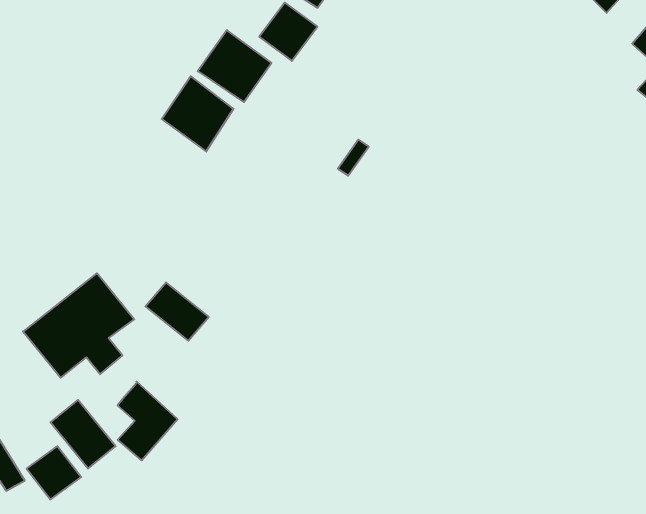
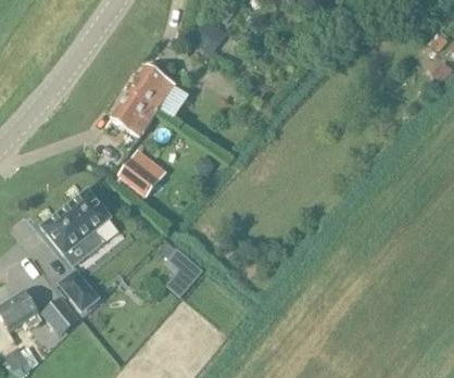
building: [198,30,271,102] -> [111,91,157,137]
building: [145,282,209,341] -> [119,159,160,196]
building: [118,382,177,460] -> [165,248,203,298]

